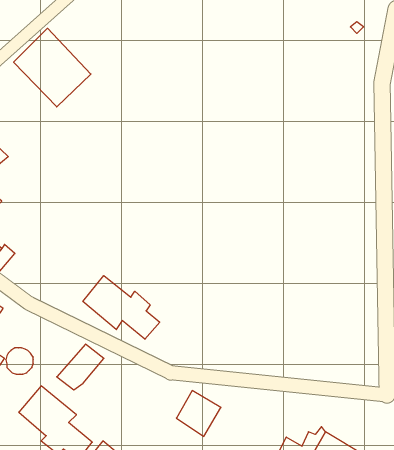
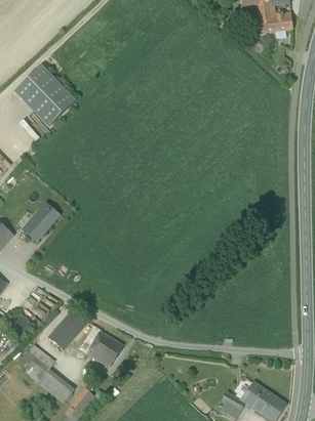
building: none -> [25,204,57,239]
building: [83,276,160,339] -> none
building: [176,391,221,436] -> [88,331,123,367]

